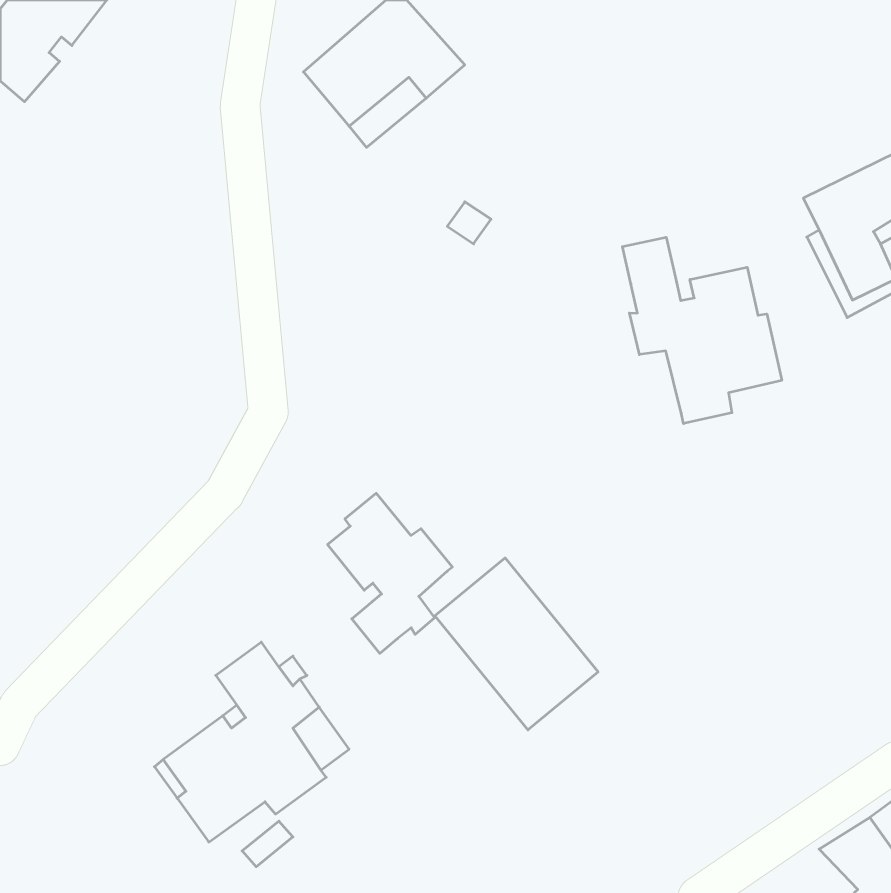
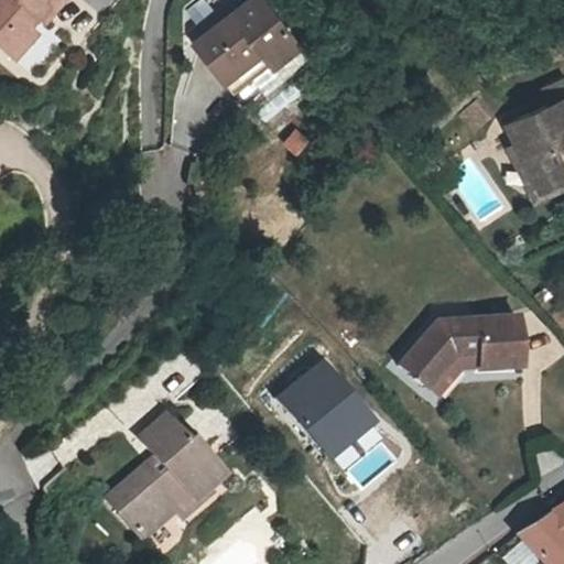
building: [622,237,782,424] -> none
building: [328,493,452,653] -> none
building: none -> [400,316,519,388]

